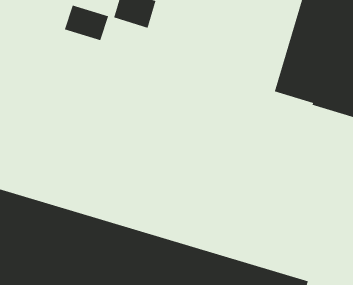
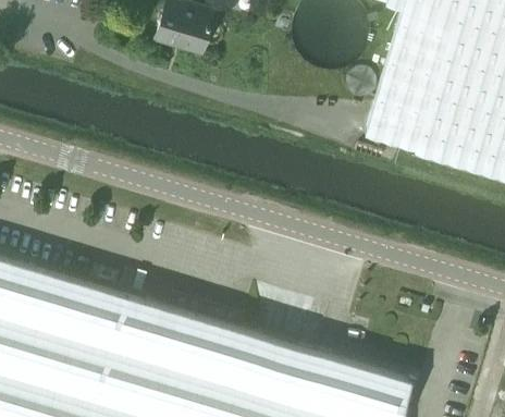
building: [64,5,109,41] -> none

